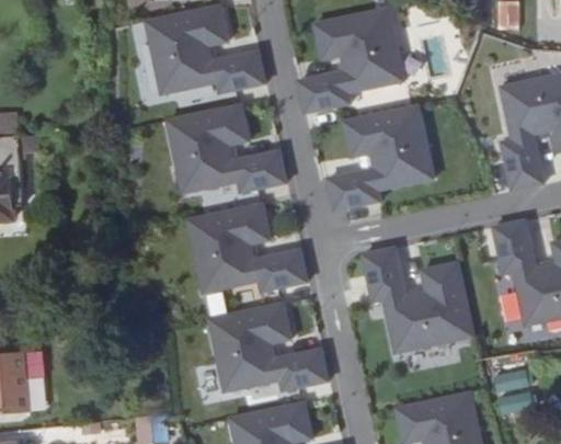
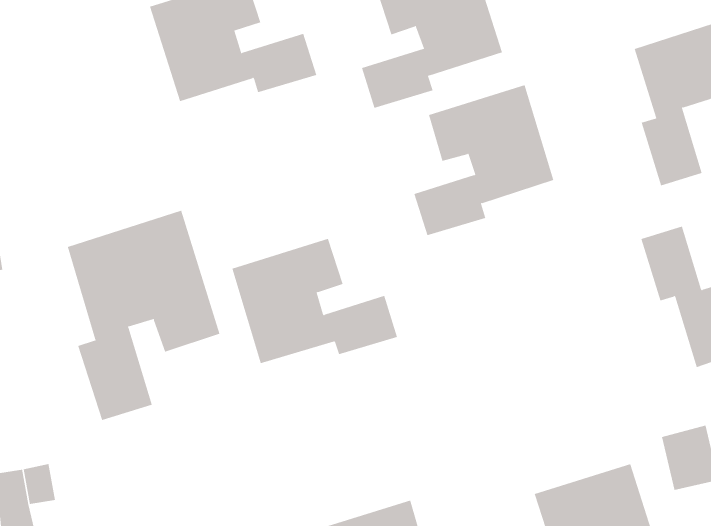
building: [168,105,286,193] -> none
building: none -> [67,210,220,421]
building: [362,248,470,352] -> none
building: [209,304,327,391] -> none

